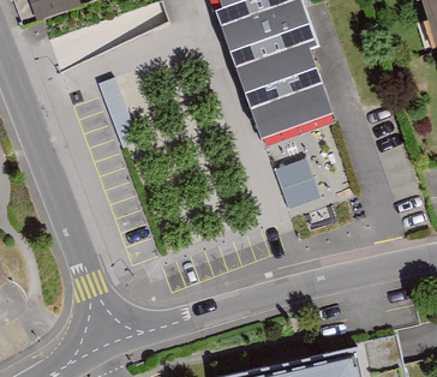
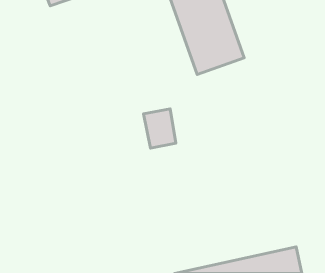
building: [275,151,315,199] -> [144,109,176,148]

